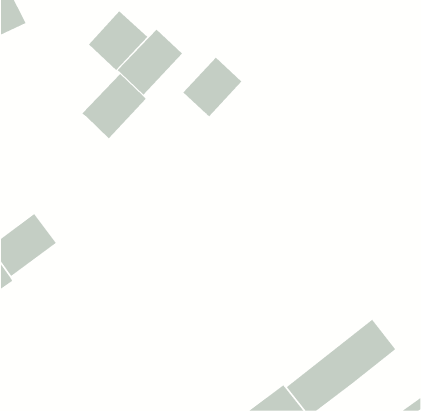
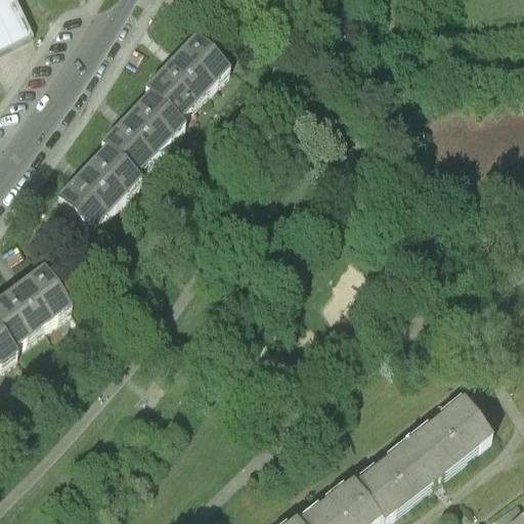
building: [88,10,148,71] -> none
building: [182,57,242,117] -> none
building: none -> [58,145,139,228]

